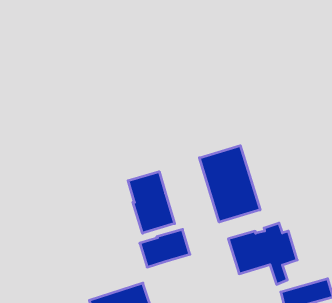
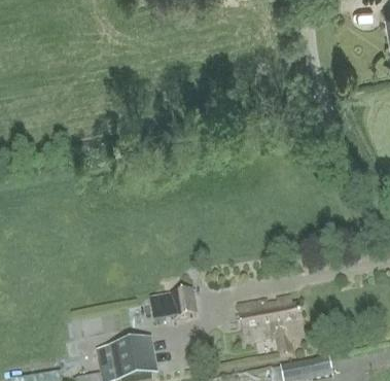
building: [199,146,260,222] -> none
building: [128,172,175,233] -> none

